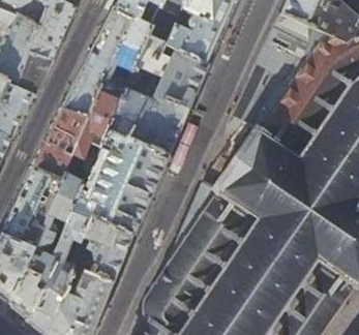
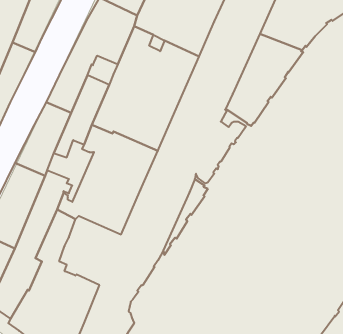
building: [74,218,133,284] -> none

